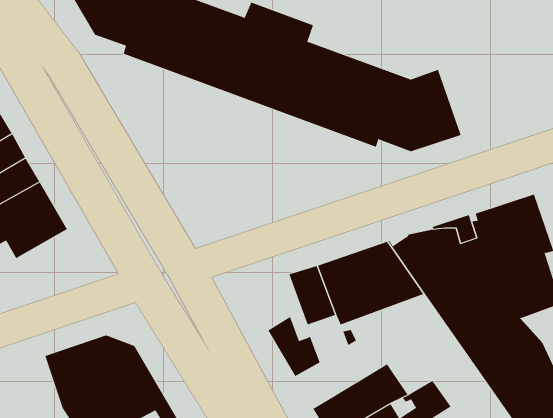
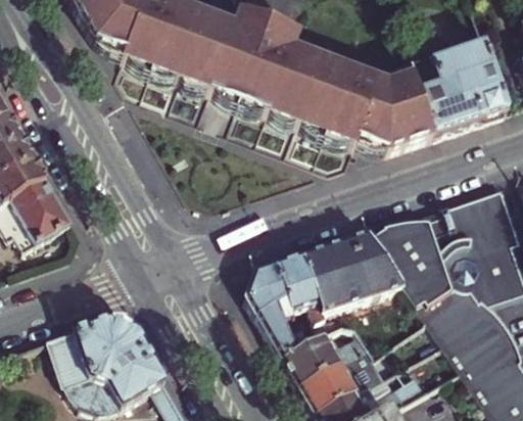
building: none -> [410,32,507,131]
building: none -> [244,260,294,321]
building: none -> [281,327,367,384]

